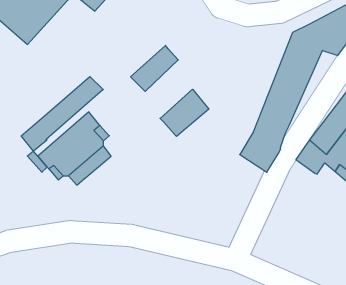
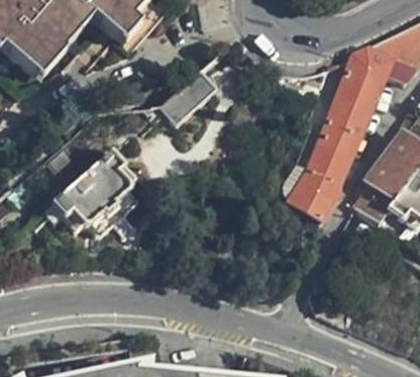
building: [21,77,103,151] -> none
building: [160,89,209,136] -> none

